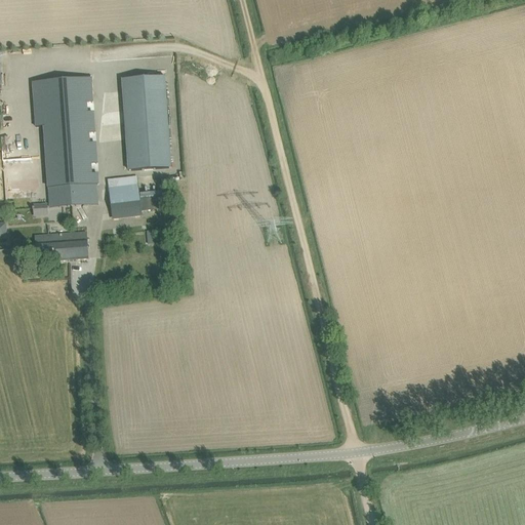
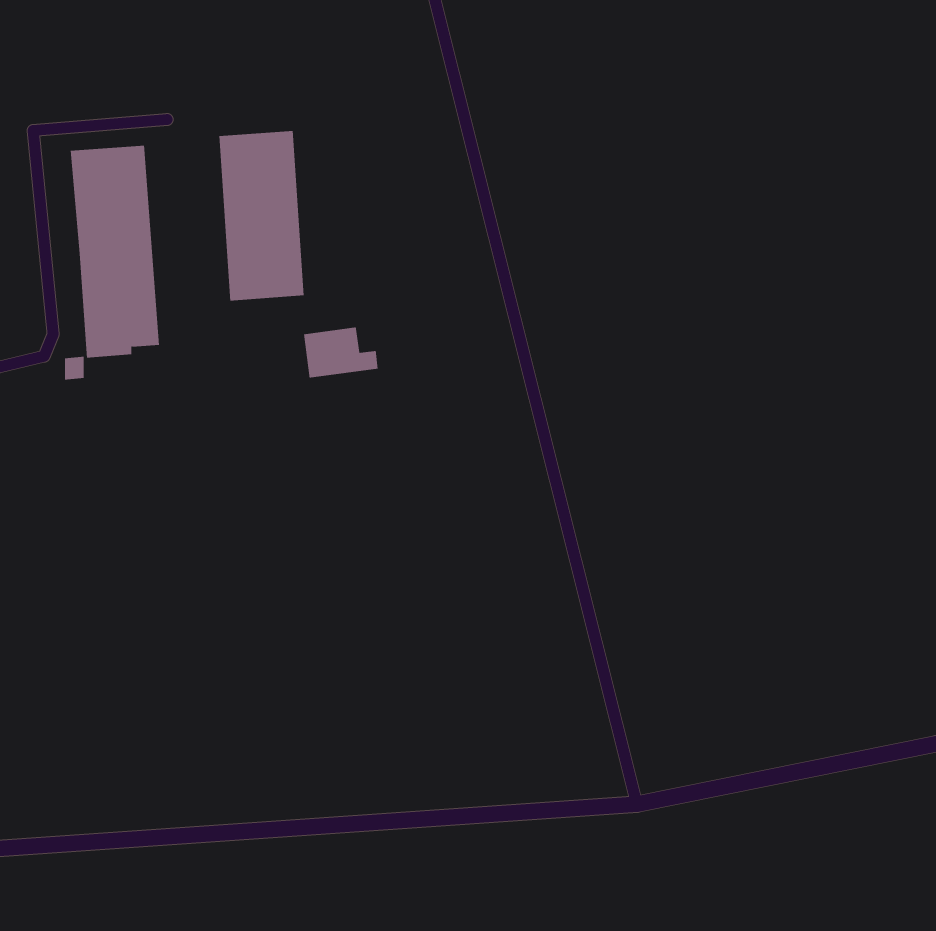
building: [108,180,150,209] -> [303,327,378,378]
building: [34,230,88,259] -> none

